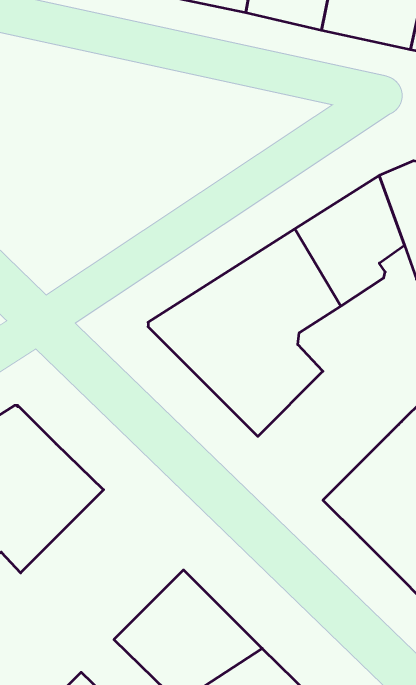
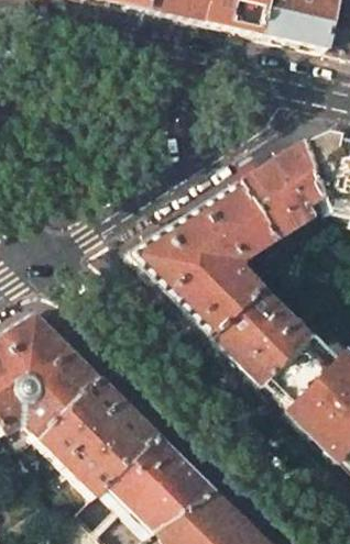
building: none -> [214,288,310,384]
building: none -> [37,376,158,497]

